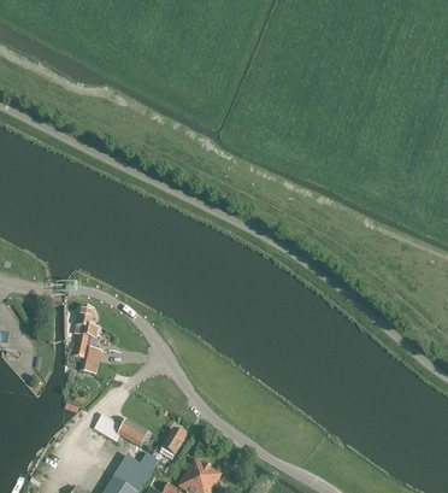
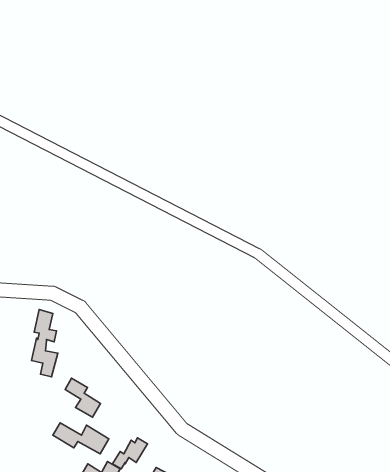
building: none -> [65,378,101,417]

